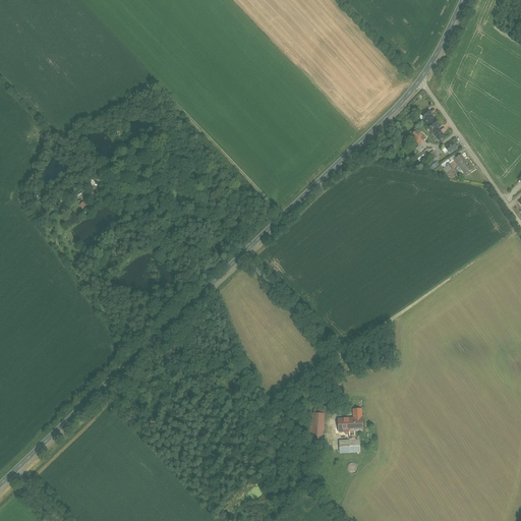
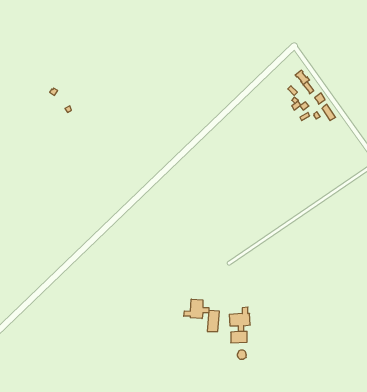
building: none -> [184,299,209,319]

